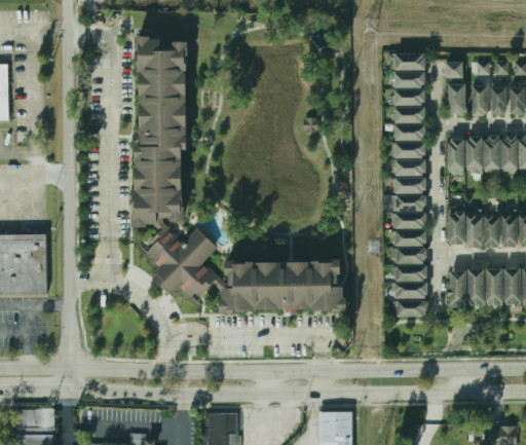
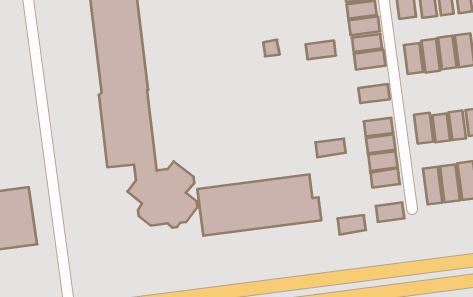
building: [396,161,425,177] -> [306,41,336,59]
building: [396,196,425,212] -> [315,139,346,157]
building: [398,284,425,300] -> [337,215,366,234]

